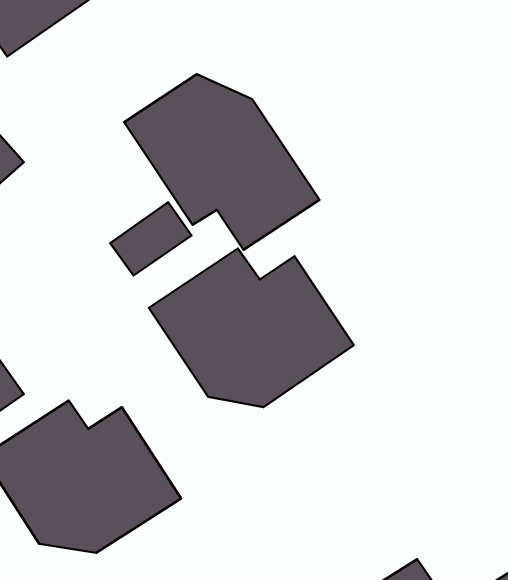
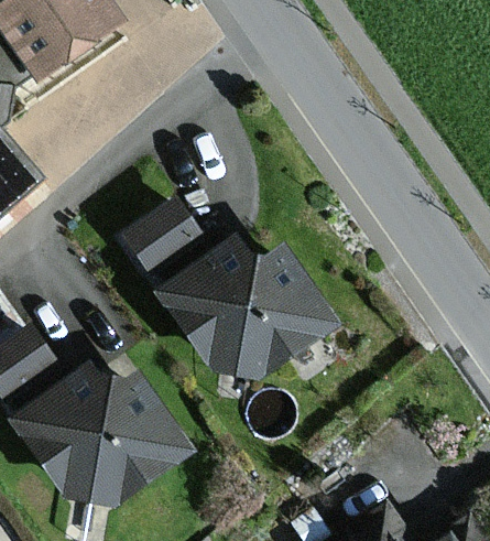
building: [124,74,320,250] -> none

